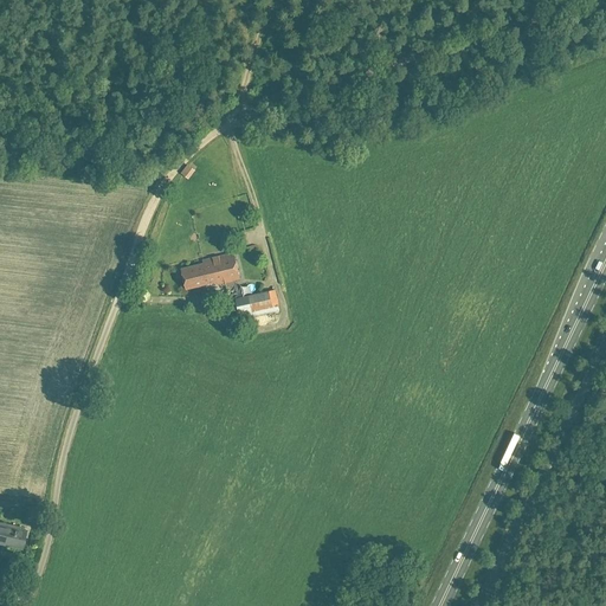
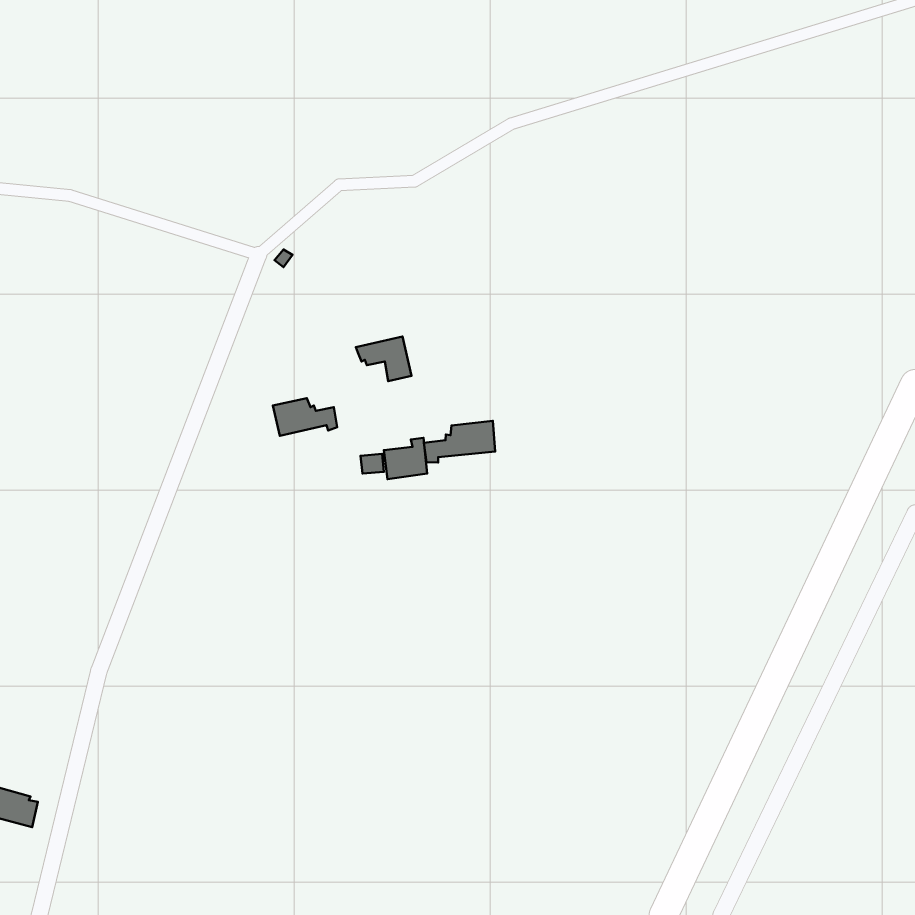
building: [201,252,238,282] -> [356,336,412,381]
building: none -> [424,421,495,463]

